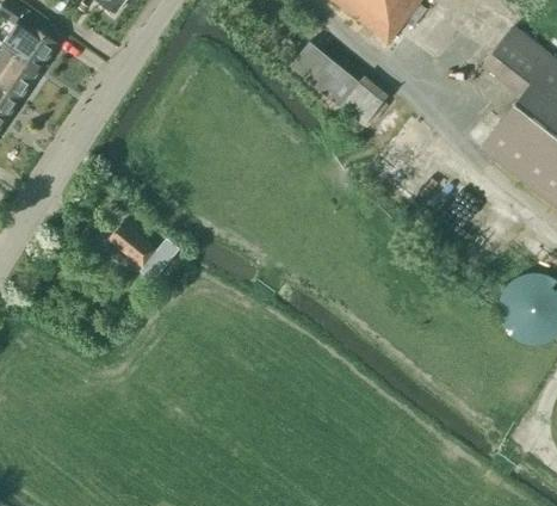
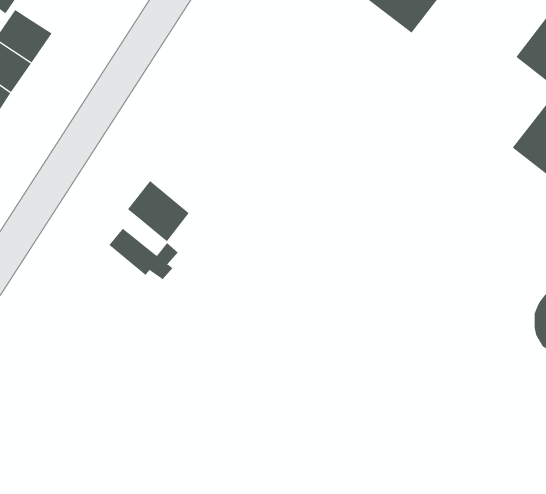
building: [290,41,383,123] -> none
building: none -> [127,180,190,242]

